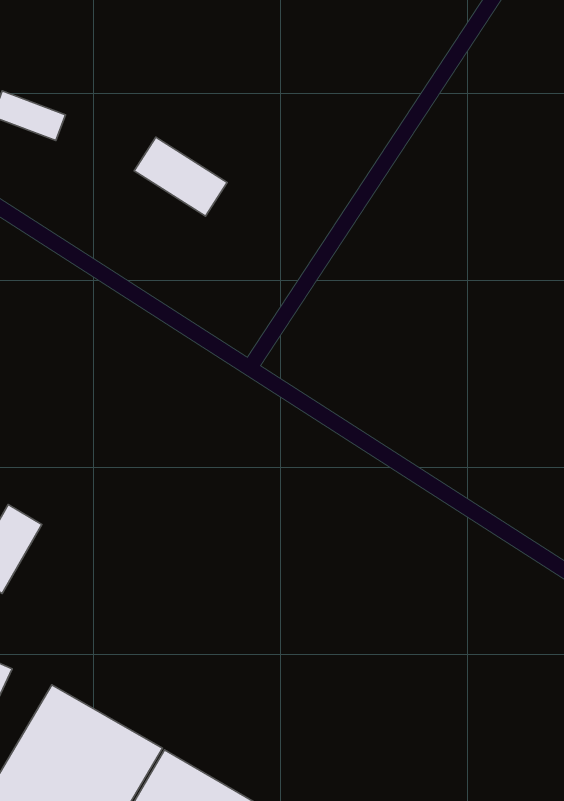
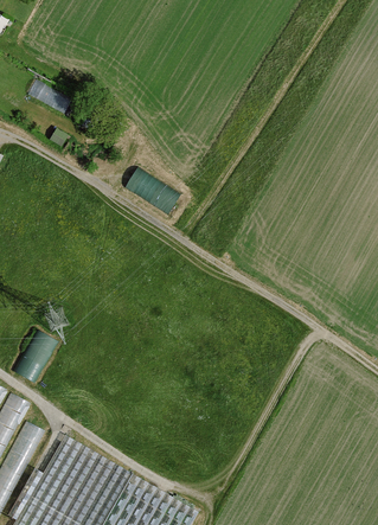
building: [134,137,227,216] -> [124,166,180,213]

